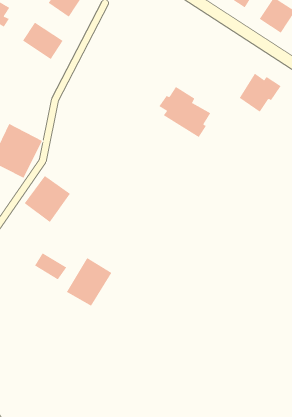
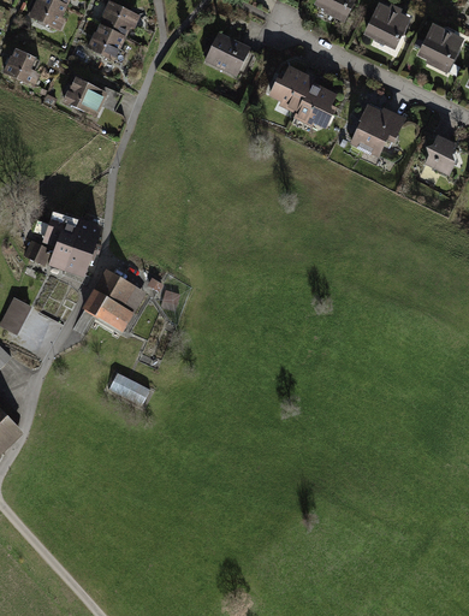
building: none -> [204,32,251,75]
building: [158,86,211,138] -> [269,67,339,131]
building: [66,257,112,307] -> none

